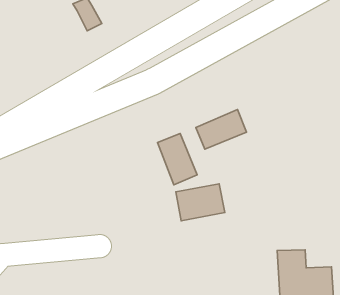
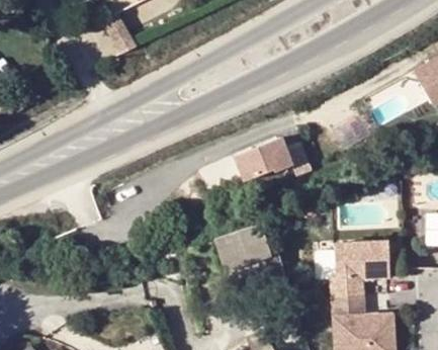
building: [157,133,197,185] -> none
building: none -> [332,244,391,298]

